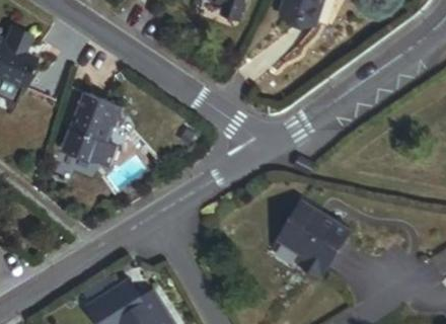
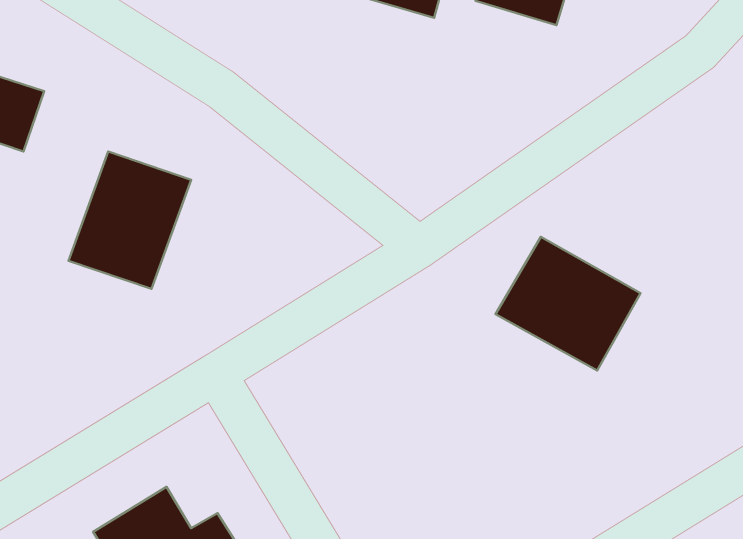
building: [267,196,345,268] -> [496,237,641,371]

